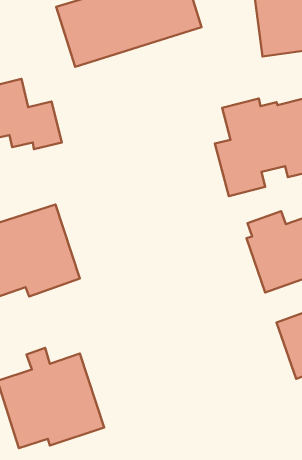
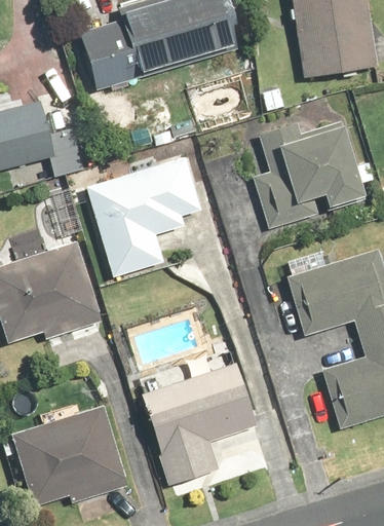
building: none -> [85,156,202,276]
building: none -> [138,355,262,487]

